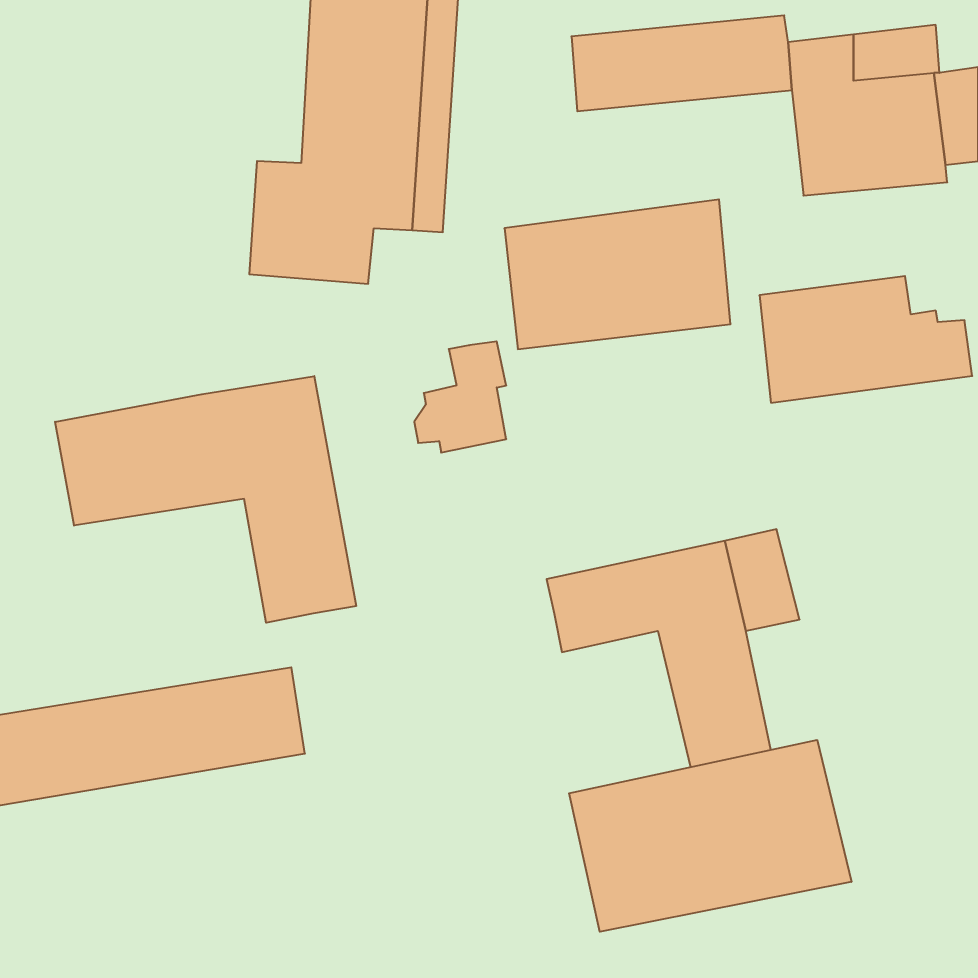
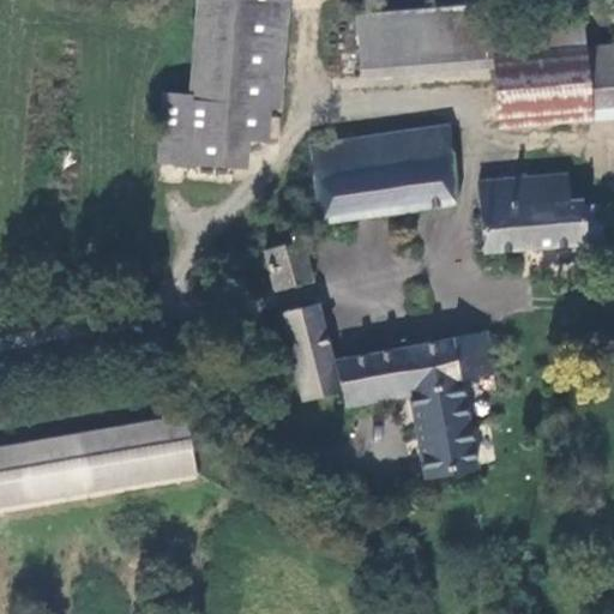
building: [55,376,356,623] -> none
building: none -> [281,305,338,399]
building: [569,740,851,932] -> none

